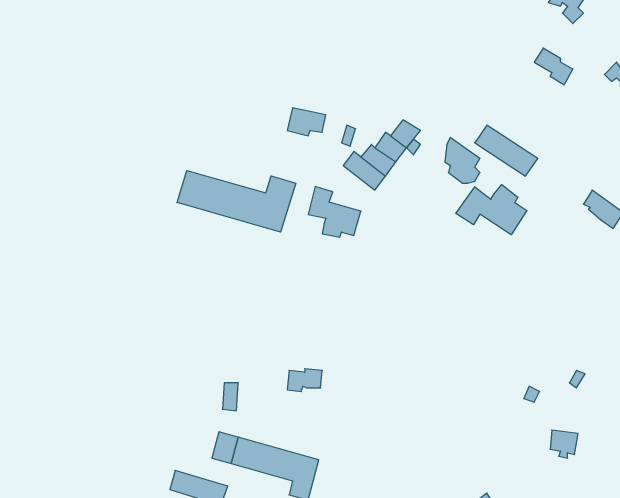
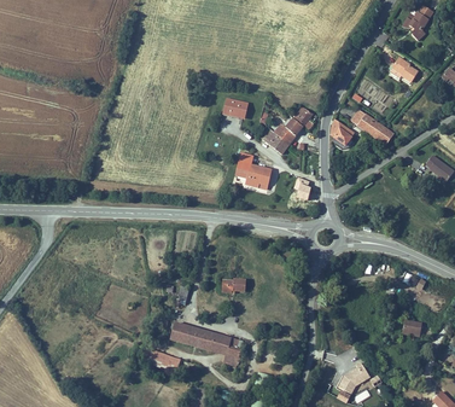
building: [177,171,296,232] -> none
building: [456,185,527,235] -> none

